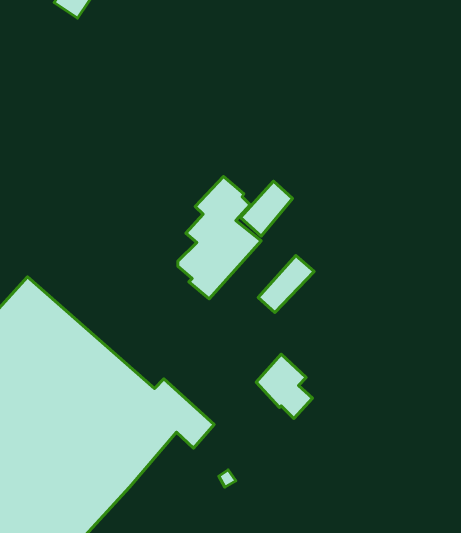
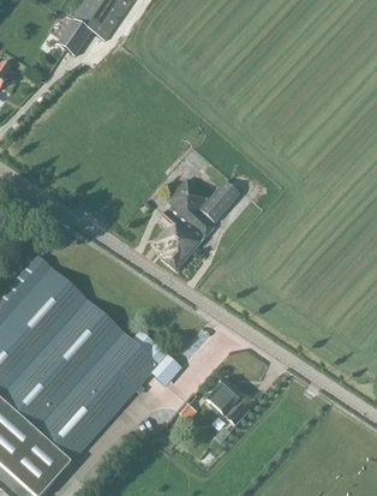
building: [258,255,314,313] -> none
building: [256,354,313,418] -> [205,377,249,426]

